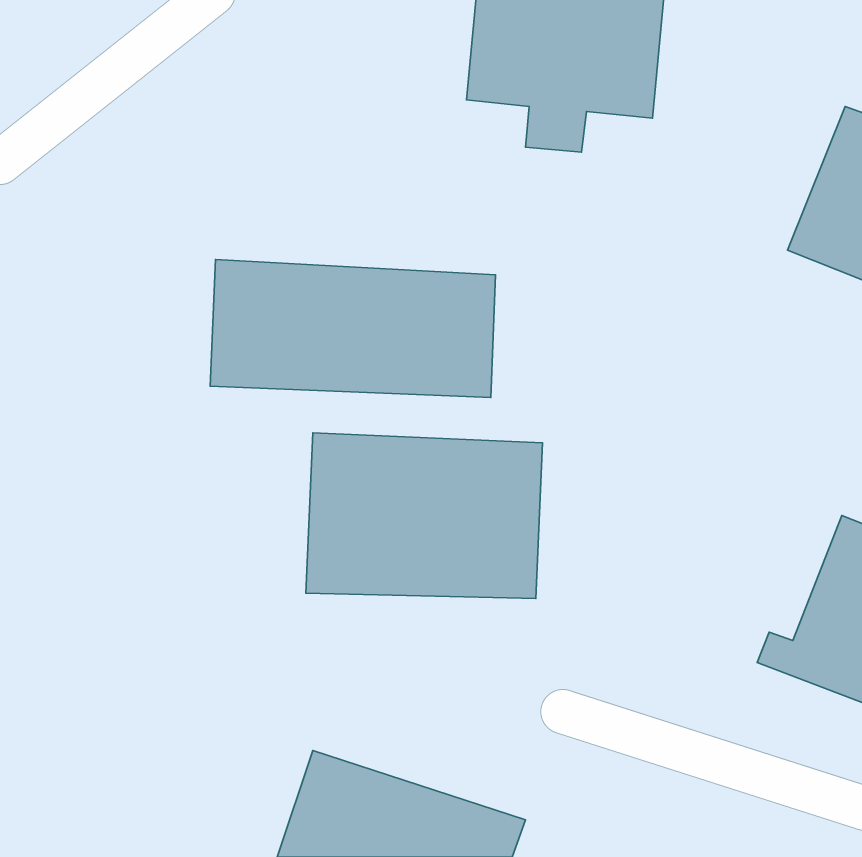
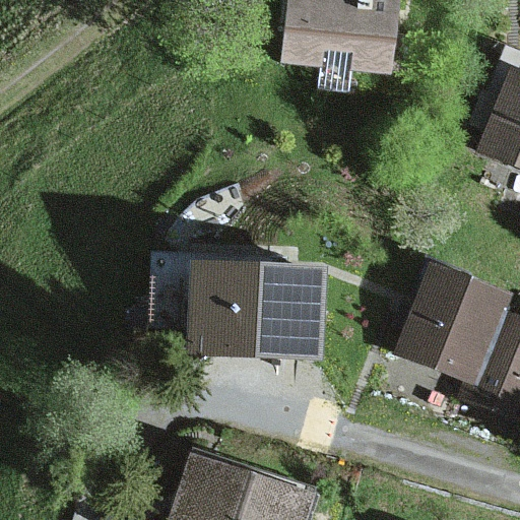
building: [210,259,496,398] -> none
building: none -> [393,259,514,385]

